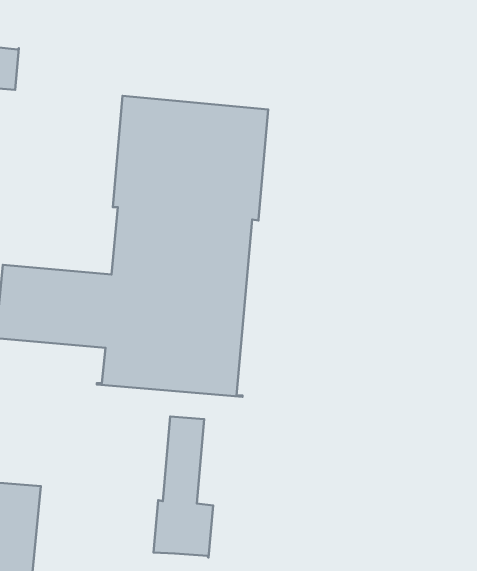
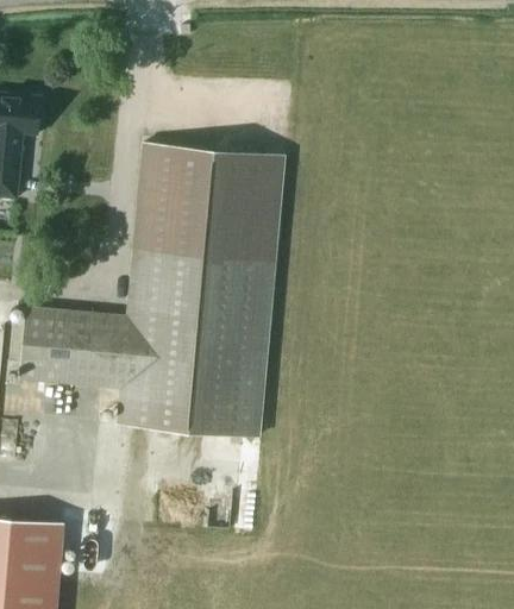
building: [154,417,213,558] -> none

